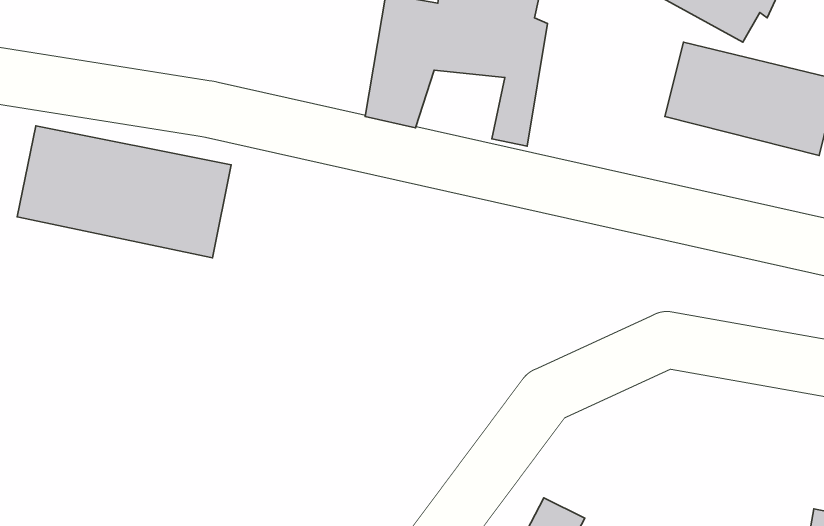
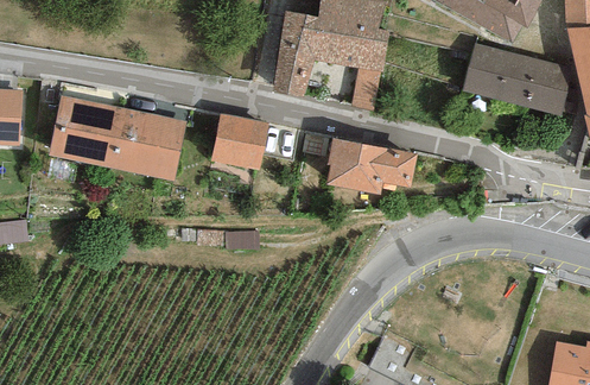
building: none -> [210,113,268,170]
building: none -> [326,137,418,195]

